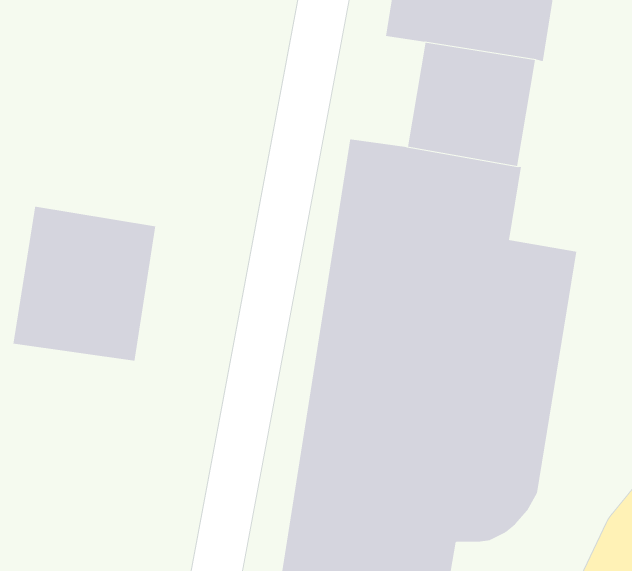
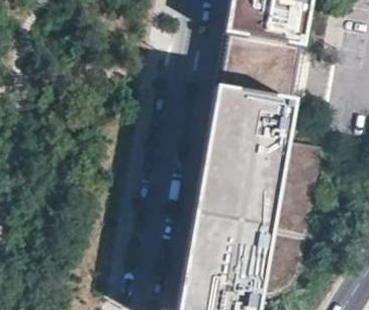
building: [13,206,156,362] -> none

